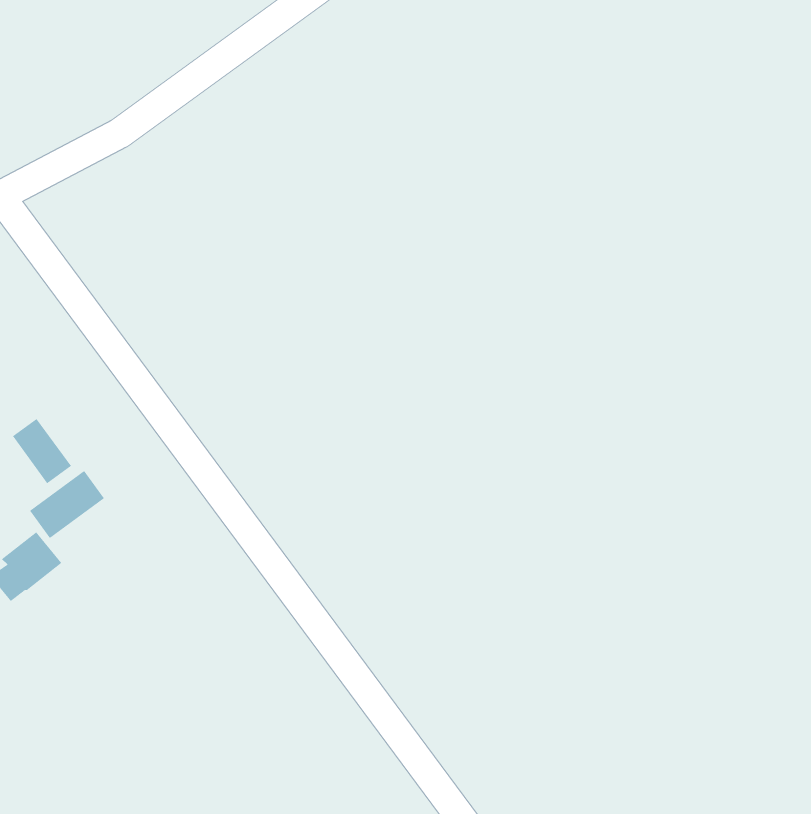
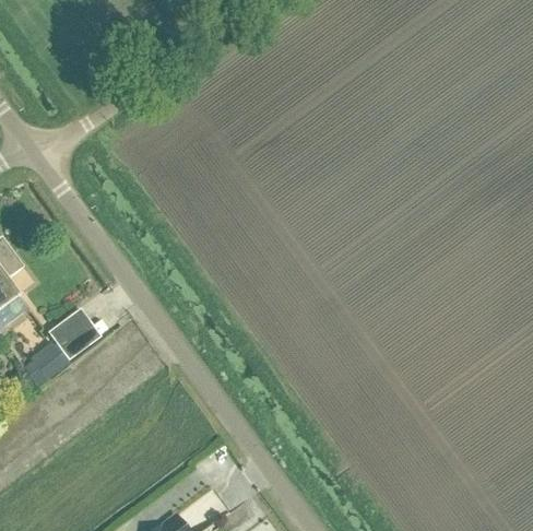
building: [12,418,72,484] -> none

